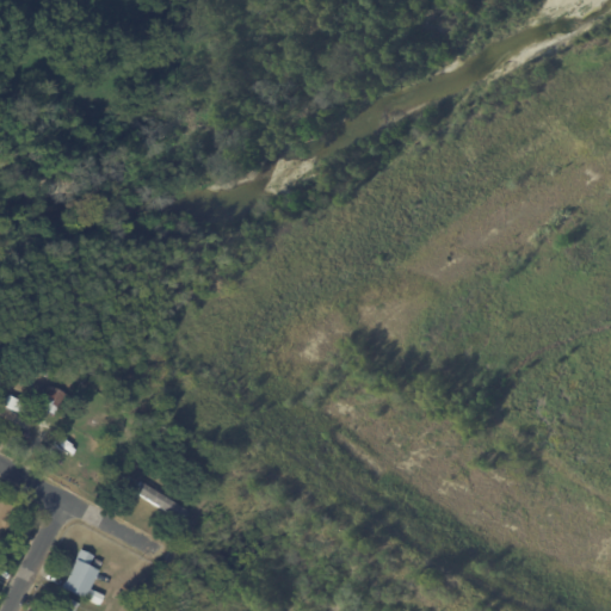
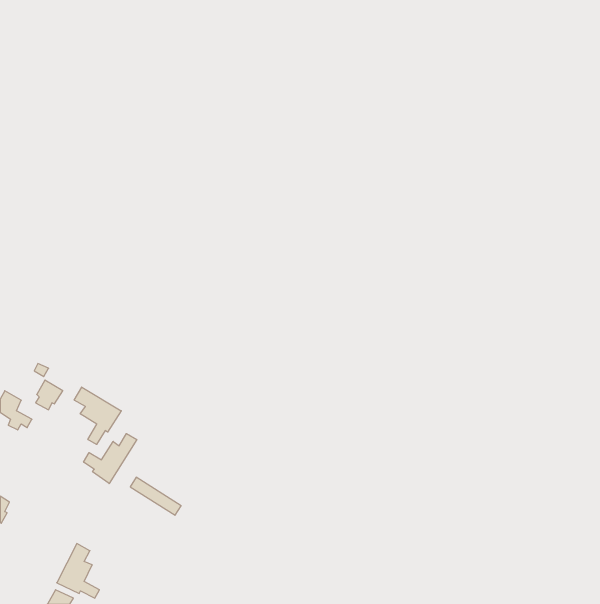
building: none -> [74,387,121,444]
building: none -> [84,434,137,484]

